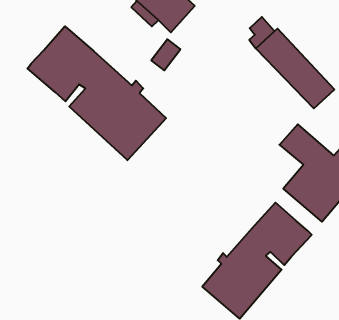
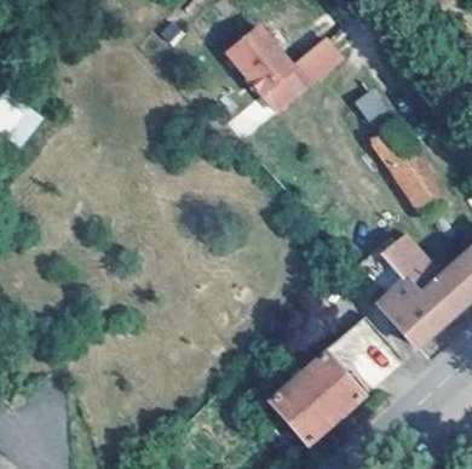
building: [27,26,166,160] -> none

